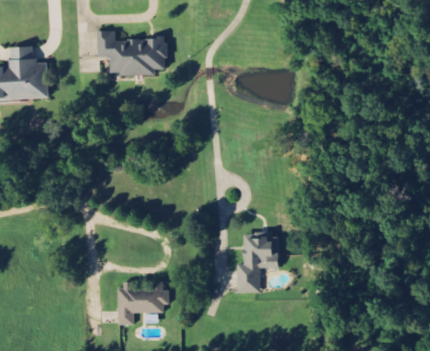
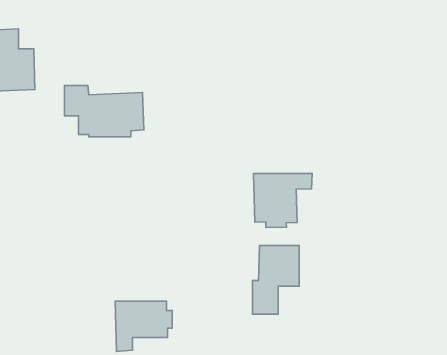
building: [98,30,167,75] -> [65,86,144,137]
building: none -> [253,173,312,227]

